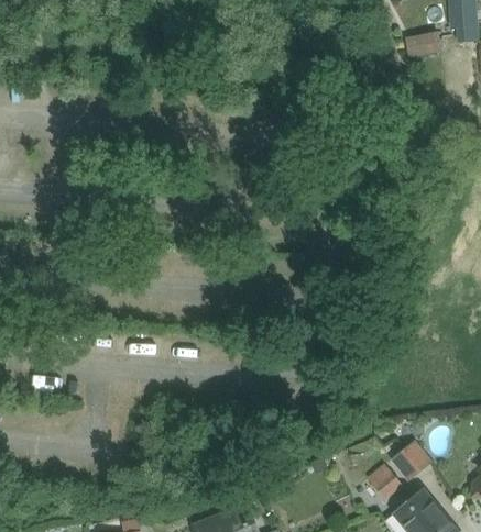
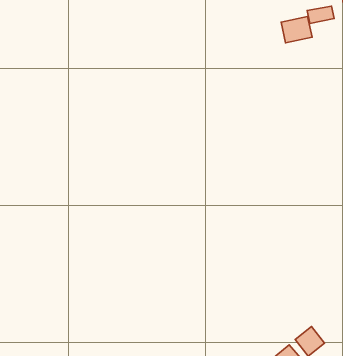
building: none -> [281,16,312,43]

